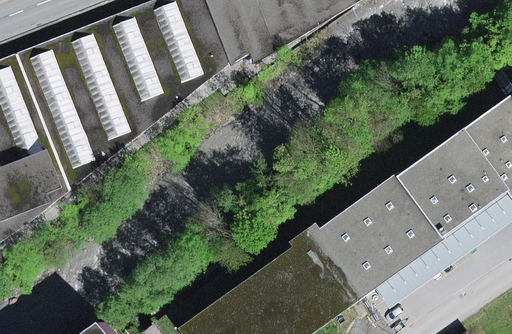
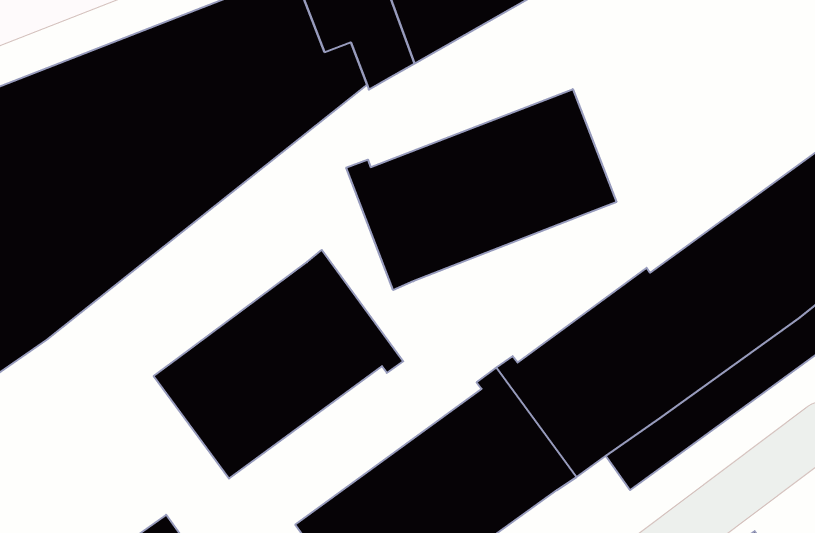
building: none -> [346,89,616,290]
building: none -> [154,250,403,479]

